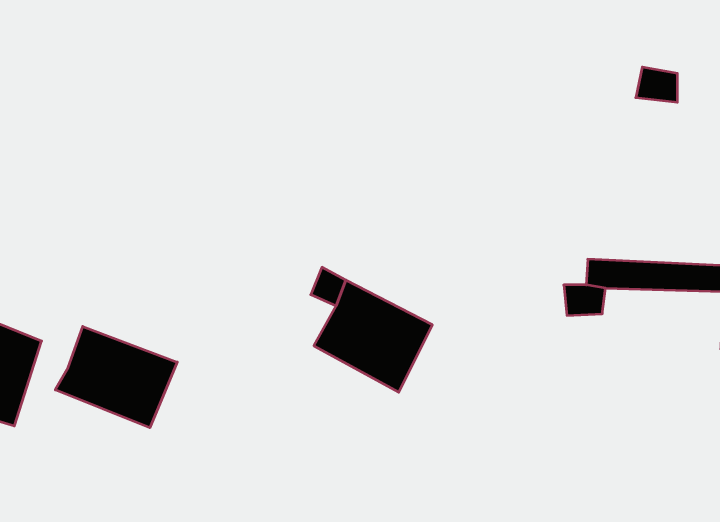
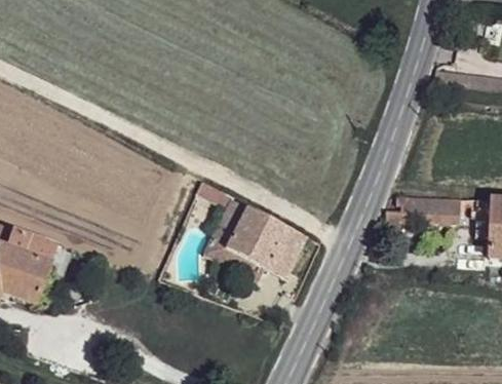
building: [55,326,177,428] -> none

